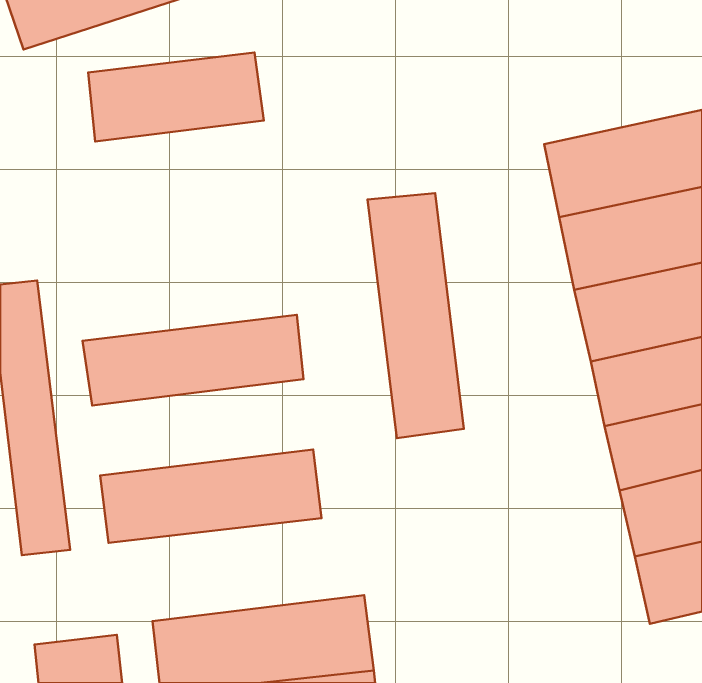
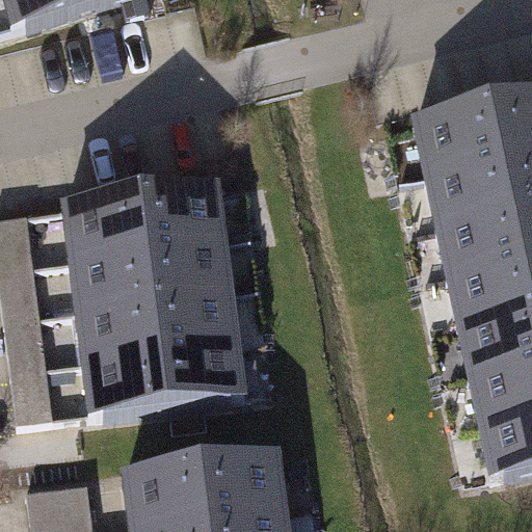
building: [88,52,264,141] -> none
building: [367,193,464,438] -> none
building: none -> [55,179,224,258]
building: none -> [70,287,237,360]

